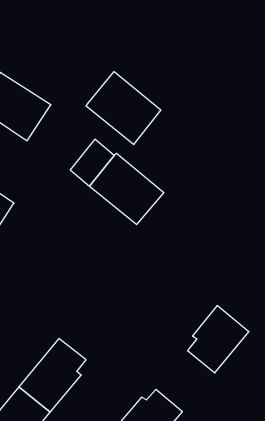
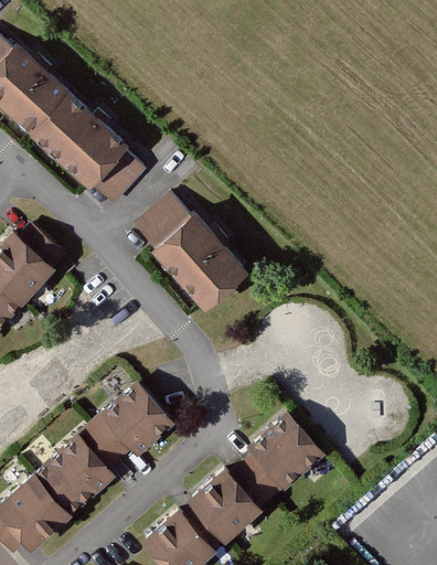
building: [86,72,161,145] -> none
building: none -> [89,147,143,202]
building: none -> [90,385,170,457]
building: none -> [192,465,271,537]

